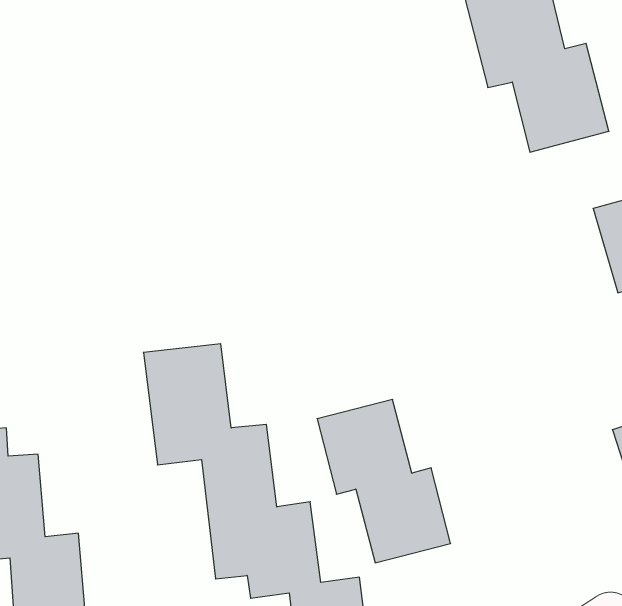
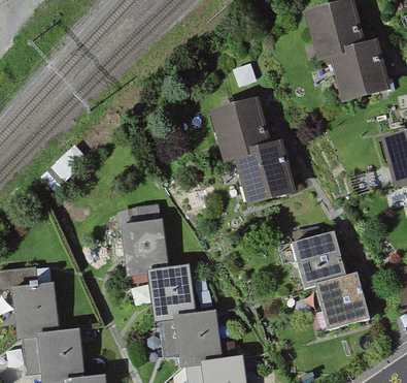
building: none -> [210,96,298,203]
building: [317,399,451,563] -> [290,230,368,326]

